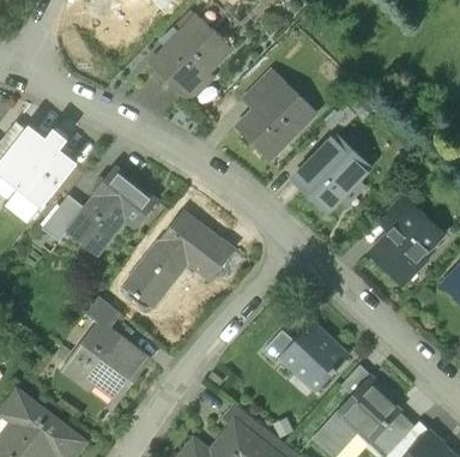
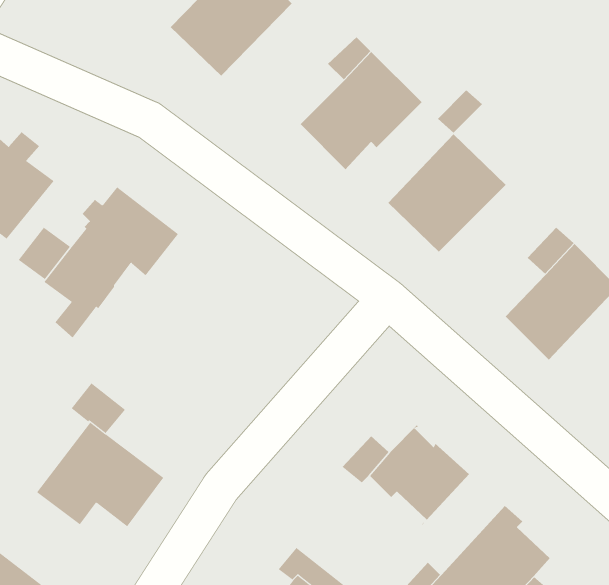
building: [125,212,232,302] -> none

